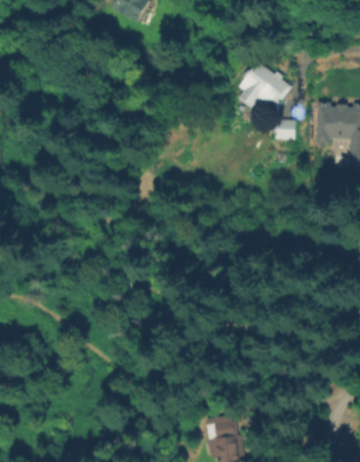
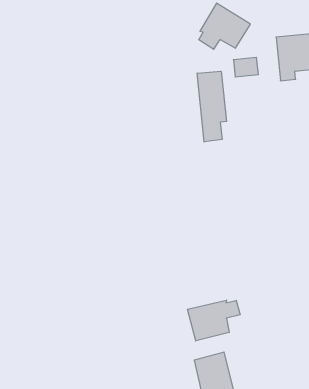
building: none -> [197,71,227,142]
building: none -> [188,300,240,341]

